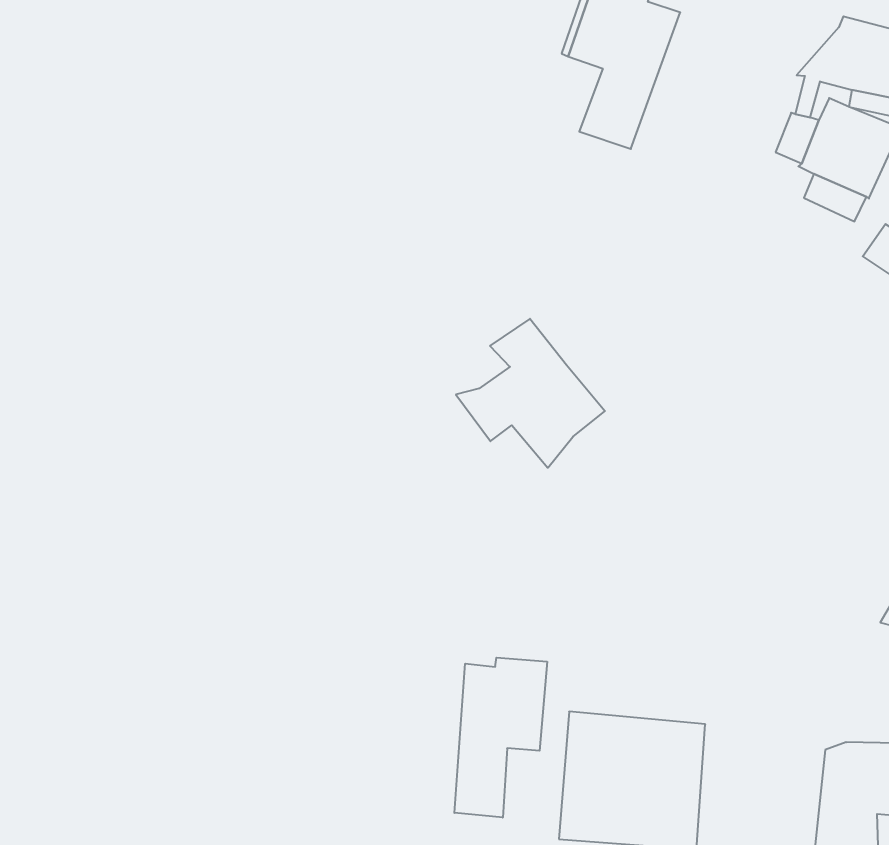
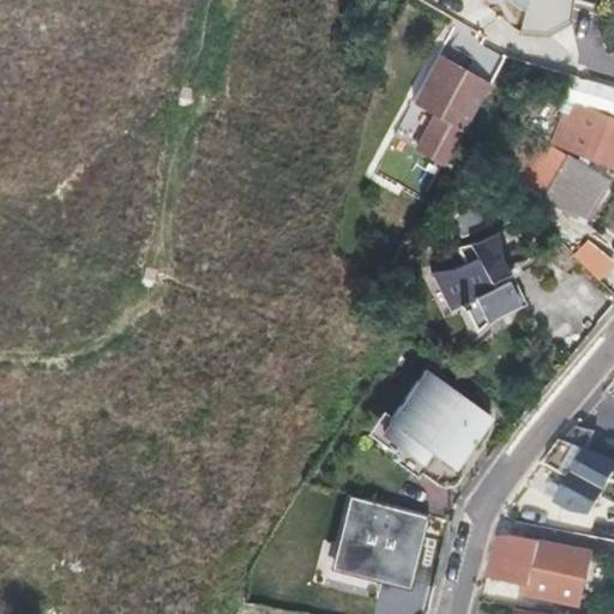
building: [456,319,605,468] -> [432,237,518,327]
building: none -> [386,368,496,476]
building: [454,658,547,818] -> none

